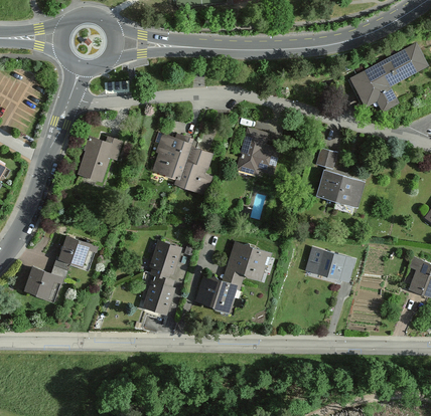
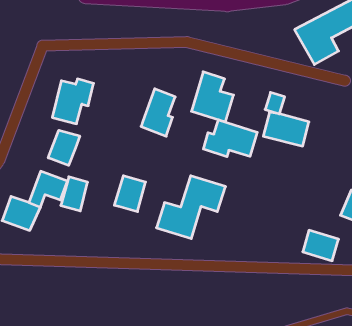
building: [151,135,192,180] -> none
building: none -> [203,120,257,157]
building: none -> [48,130,80,165]
building: [315,249,355,283] -> [303,230,339,261]
building: [143,275,173,314] -> [61,177,88,211]

